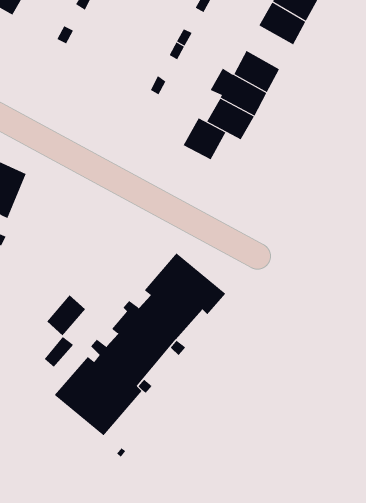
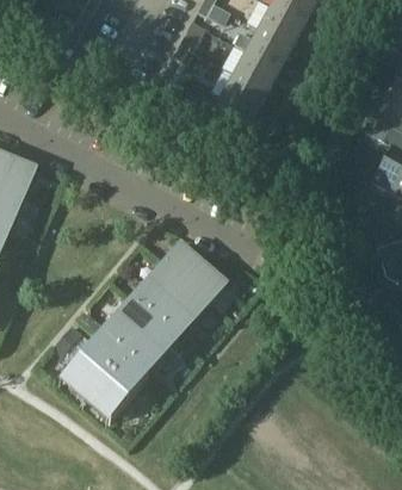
building: none -> [235,26,291,68]
building: [183,117,226,160] -> none
building: [46,295,86,336] -> none

